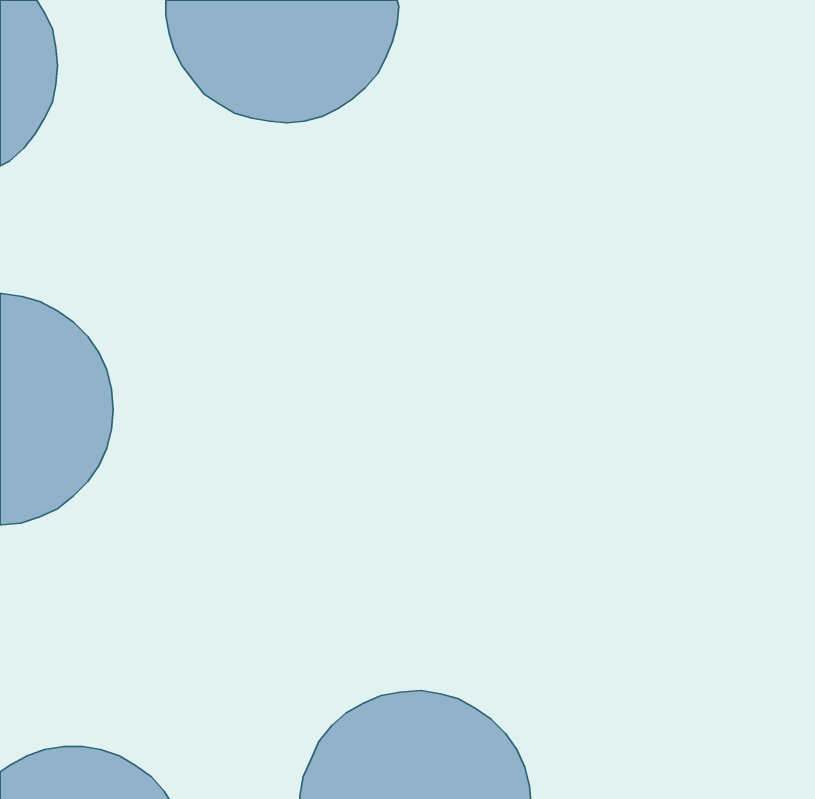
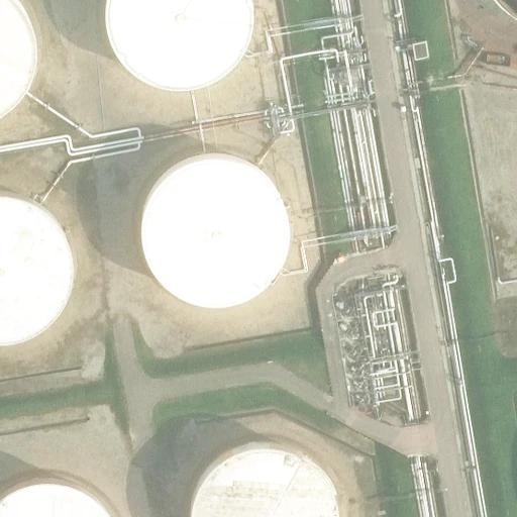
building: none -> [139,158,289,306]

